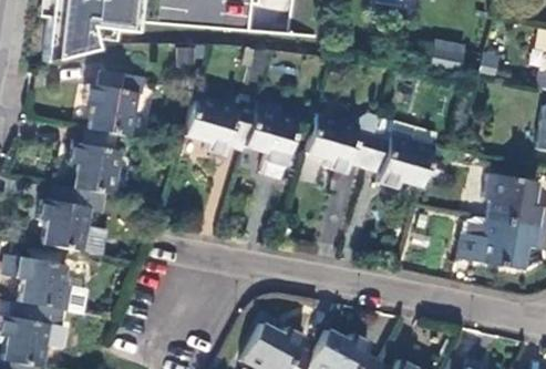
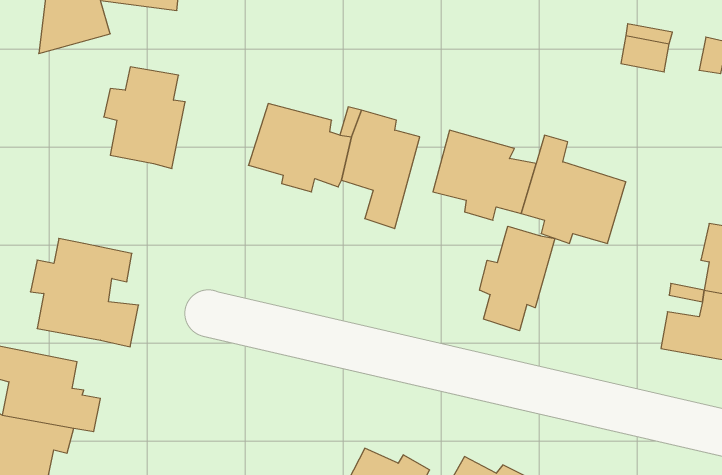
building: [71,130,124,197] -> none
building: none -> [480,226,555,331]

